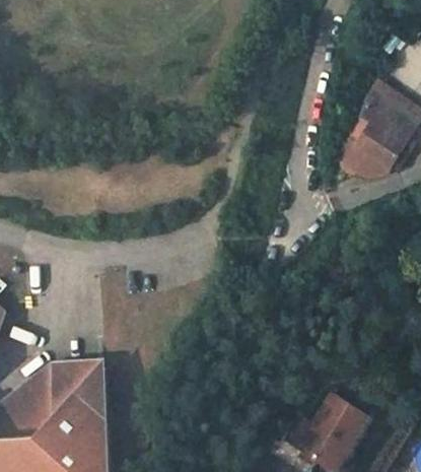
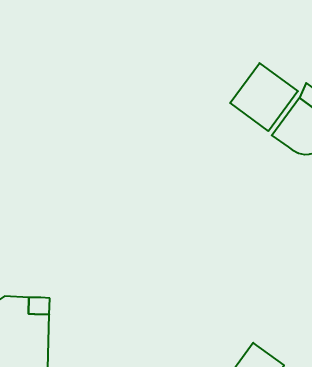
building: none -> [230,63,298,131]

